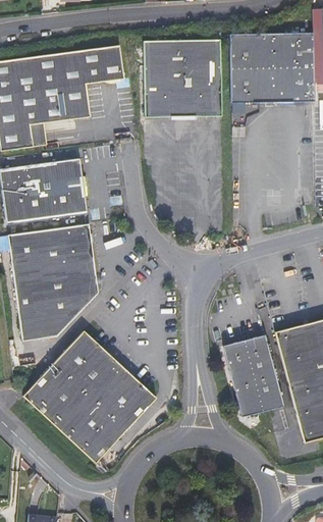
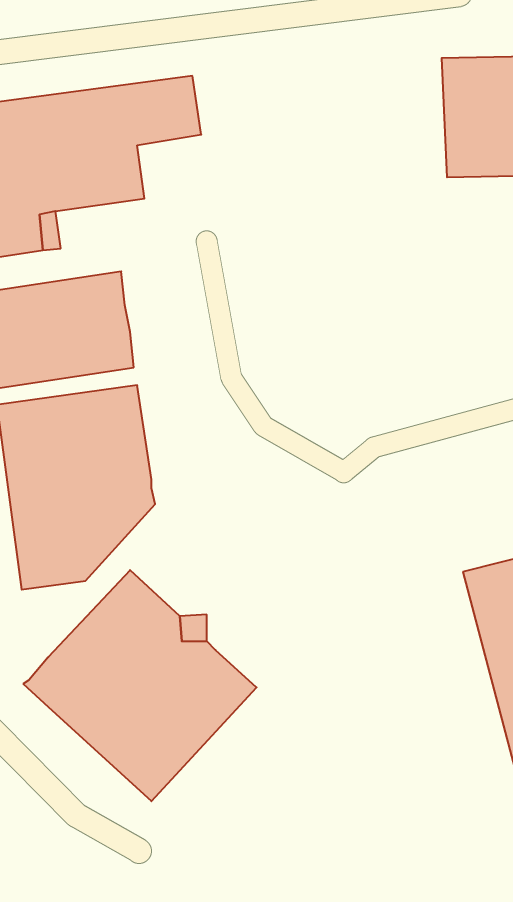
building: [229,35,265,103] -> none
building: [145,41,222,119] -> none
building: [222,332,282,415] -> none

